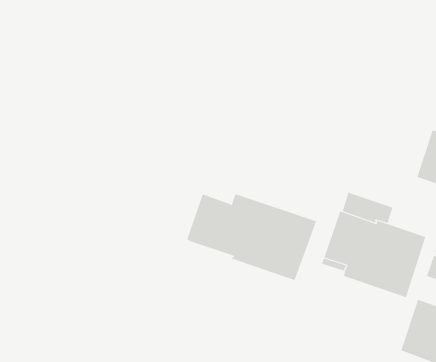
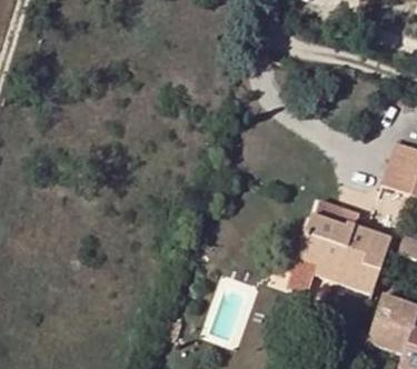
building: [187,193,317,281] -> none

